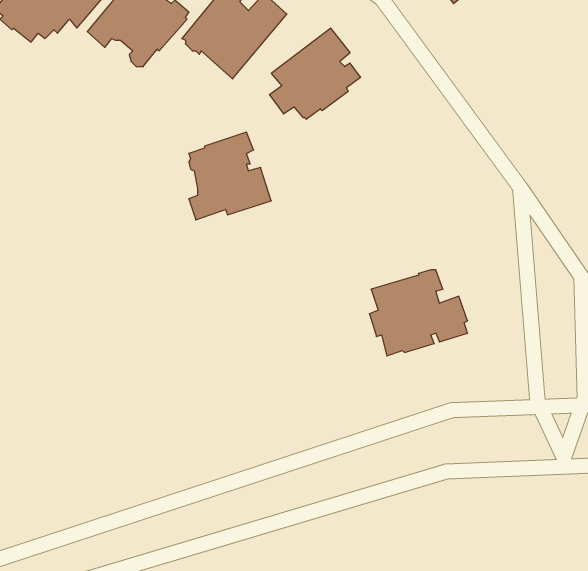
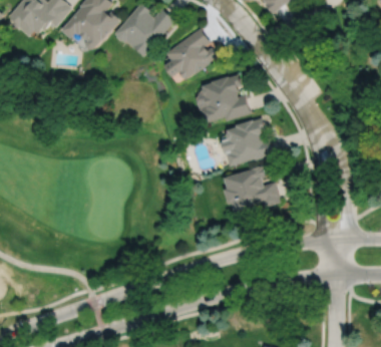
building: [189,132,271,220] -> [203,74,250,124]
building: none -> [222,118,274,166]

